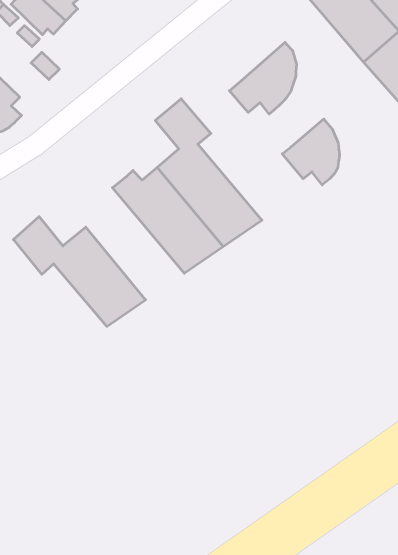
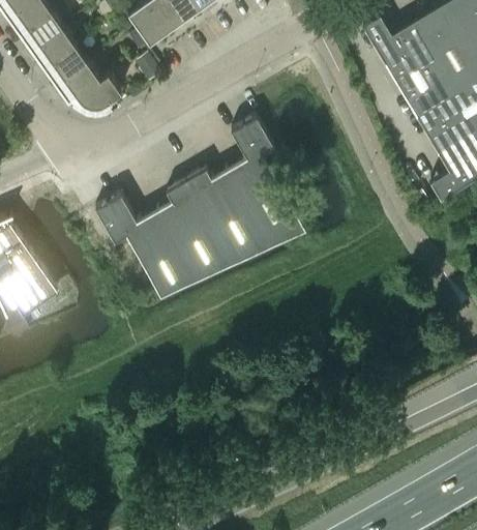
building: [229,42,297,114] -> none
building: [282,119,340,185] -> none
building: none -> [158,181,234,279]

